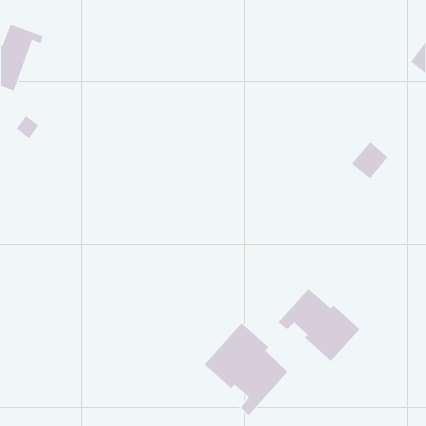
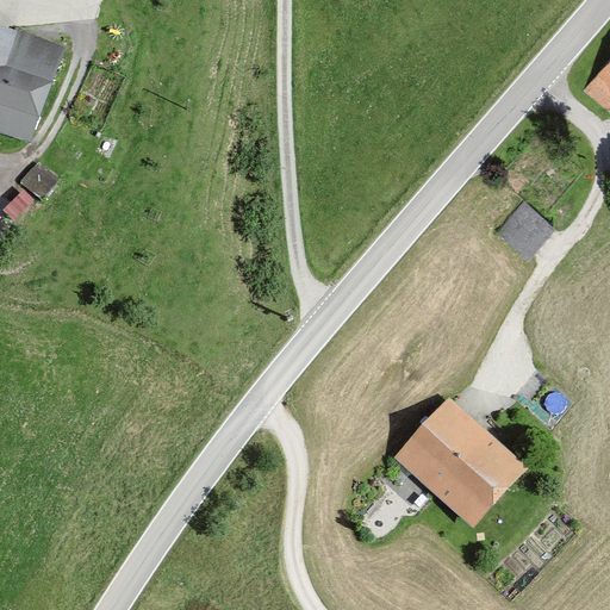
building: [204,322,288,416] -> none

